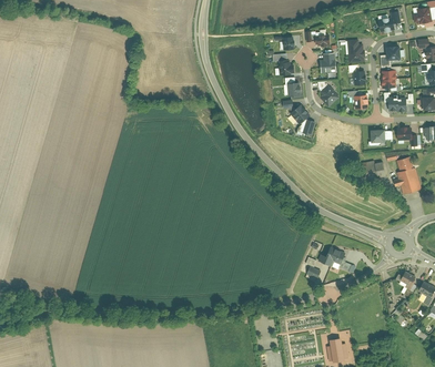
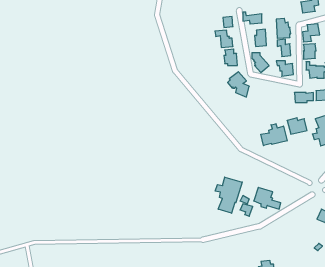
building: none -> [261,124,287,146]
building: none -> [215,177,242,213]

